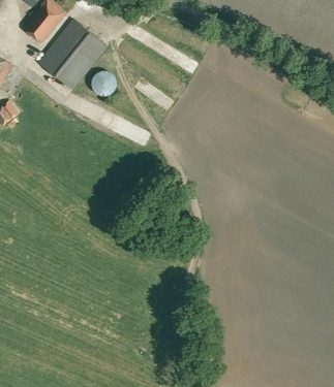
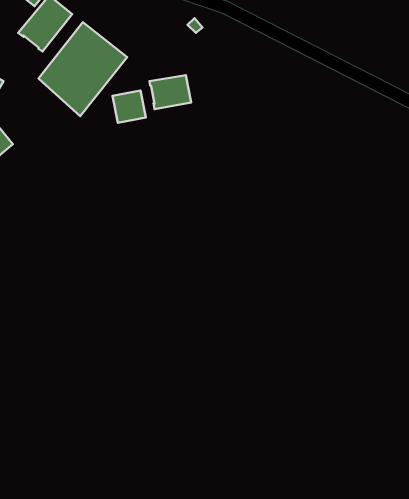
building: none -> [150,75,191,109]

